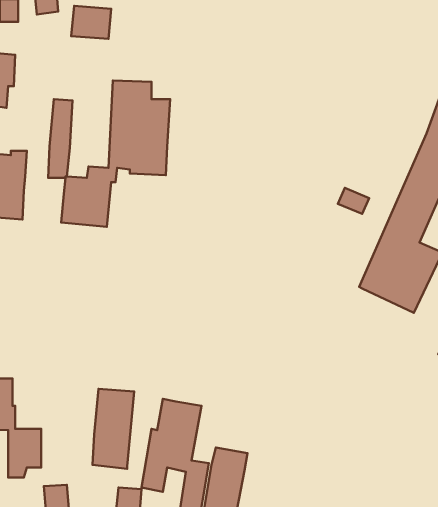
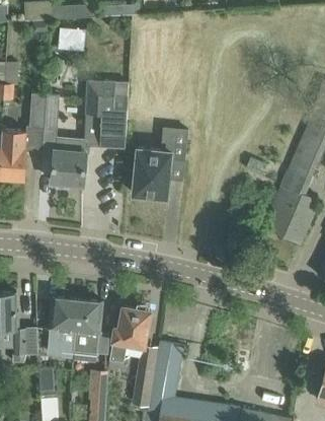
building: none -> [25,93,46,150]
building: none -> [133,128,187,198]
building: none -> [48,296,77,356]

